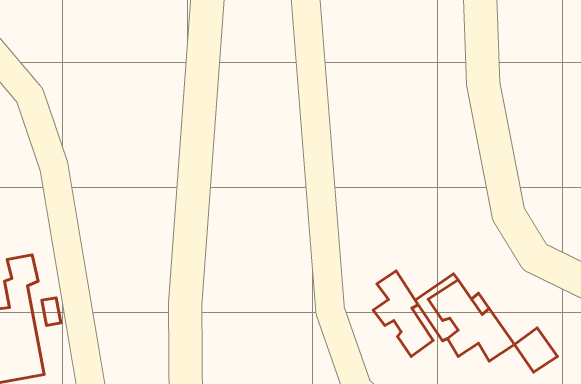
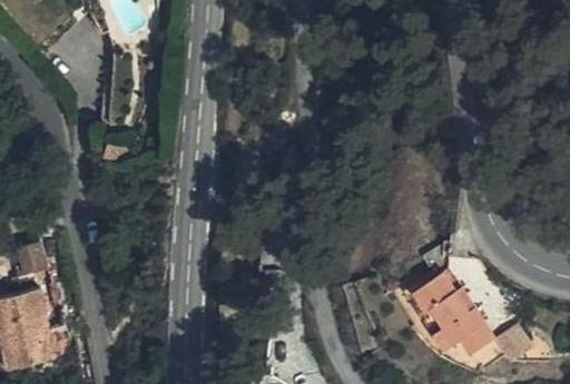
building: [373,271,433,356] -> none

